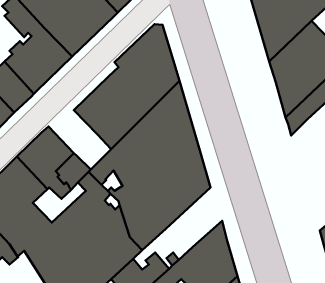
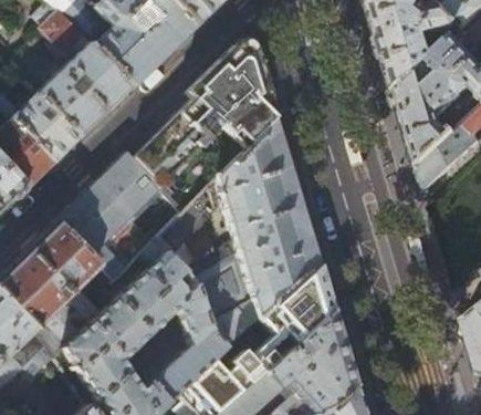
building: none -> [97,153,164,221]
building: none -> [257,264,333,345]

